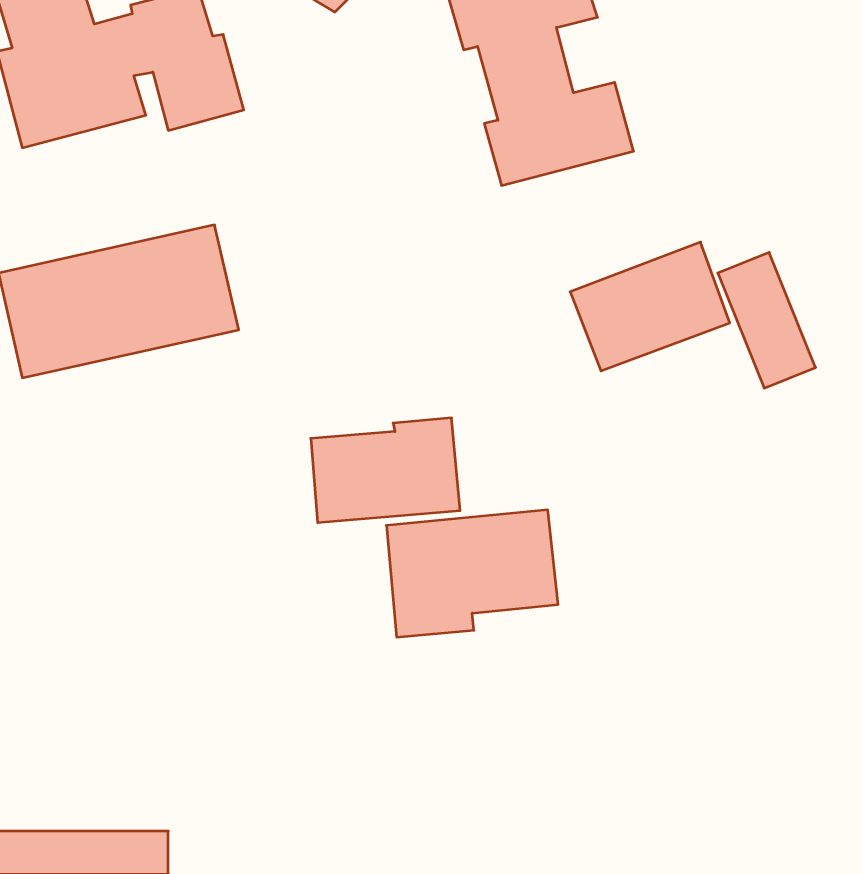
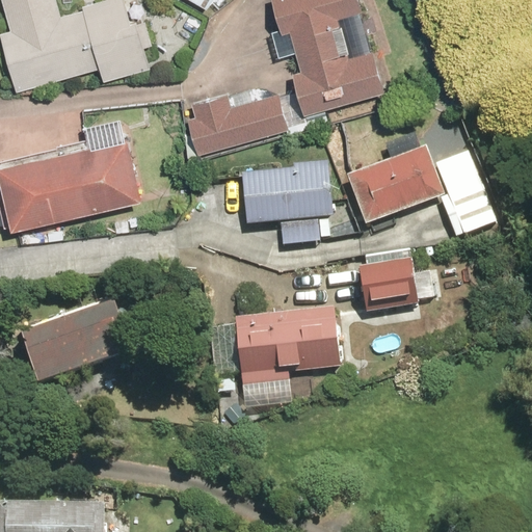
building: none -> [185,91,286,153]
building: [311,418,460,523] -> [241,161,331,224]
building: none -> [357,260,416,312]
building: none -> [24,304,133,385]

